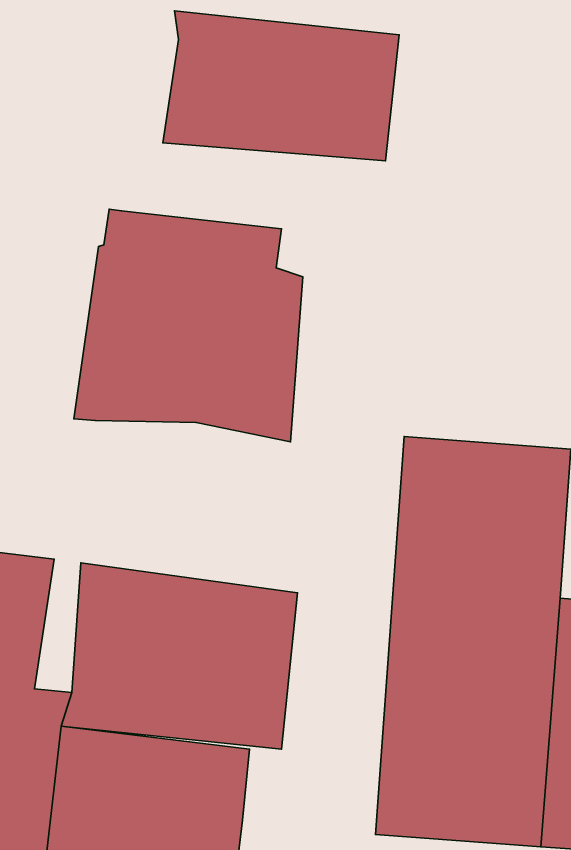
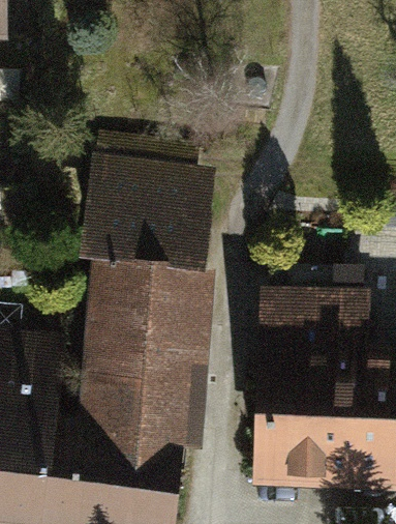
building: [163,11,399,161] -> none
building: none -> [84,253,216,353]

